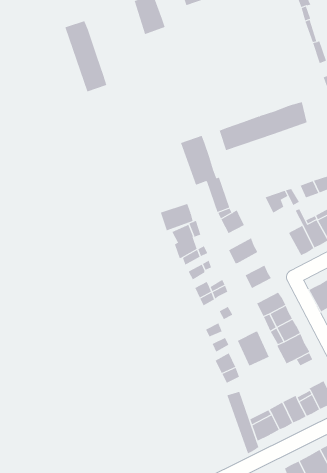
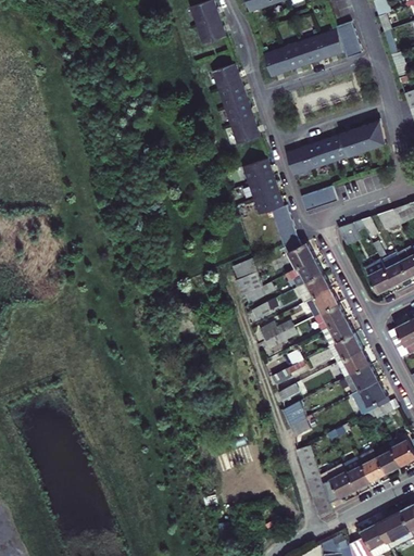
building: none -> [263,21,362,76]
building: [65,21,107,92] -> [212,63,260,143]
building: none -> [301,185,338,211]
building: [160,203,193,231] -> none
building: none -> [285,258,323,287]
building: none -> [306,289,338,315]
building: none -> [323,318,353,345]
building: [237,331,270,367] -> none

